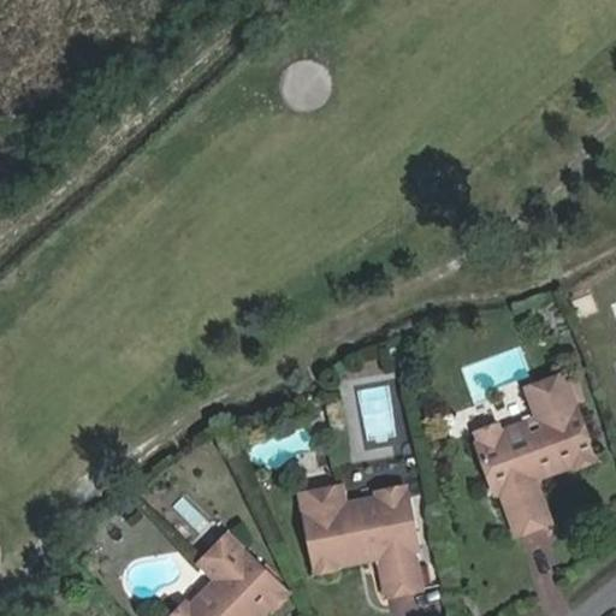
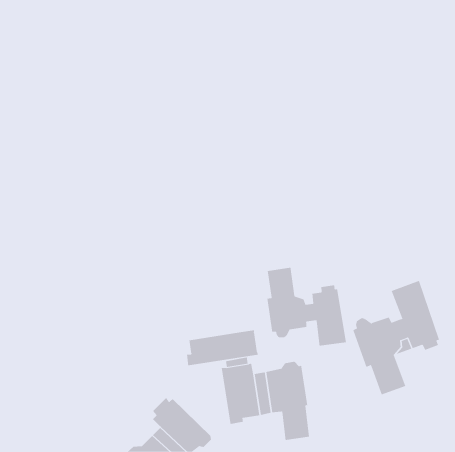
building: none -> [267,267,347,347]
building: none -> [186,329,259,366]

